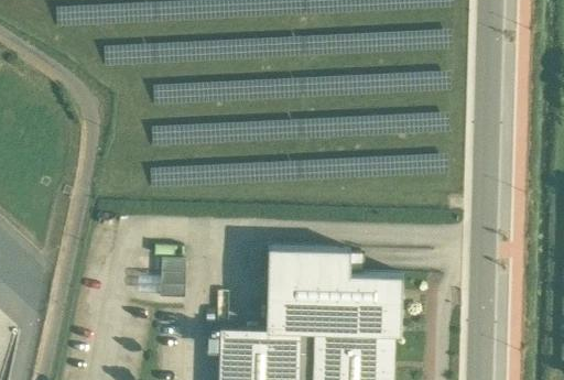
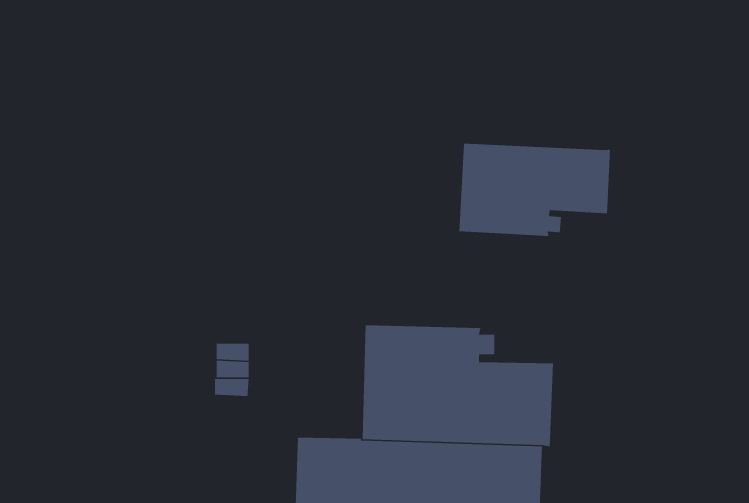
building: none -> [458,143,611,237]

